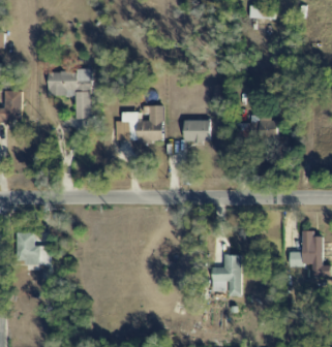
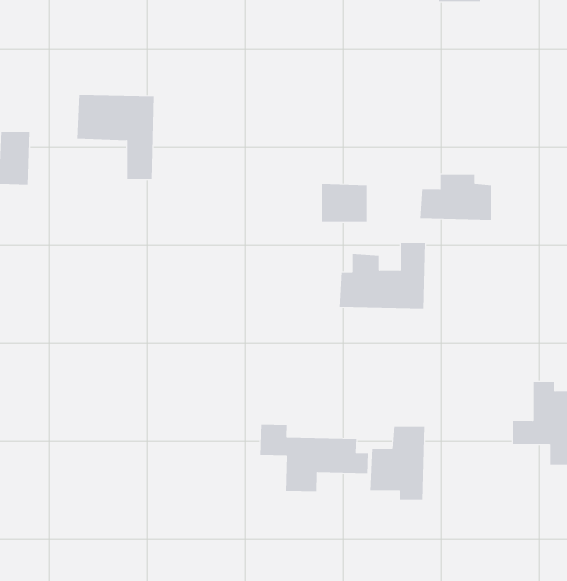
building: [115,105,163,143] -> [339,242,426,309]
building: [16,232,51,264] -> none
building: none -> [260,424,368,492]

